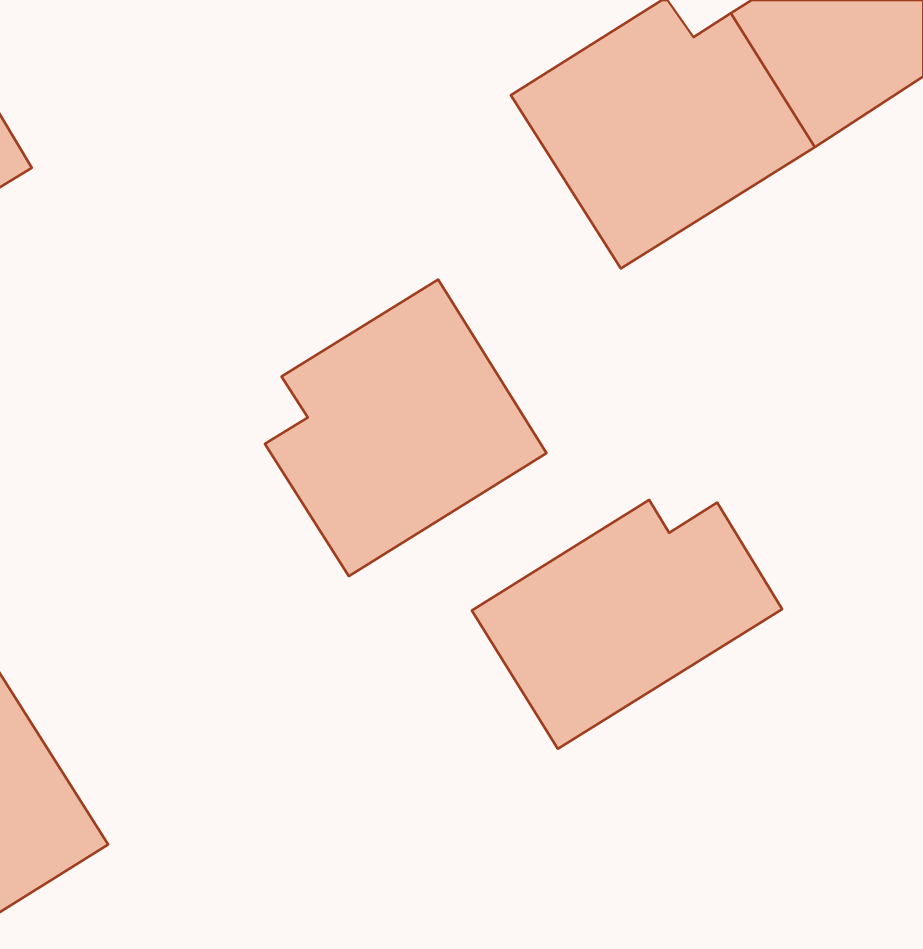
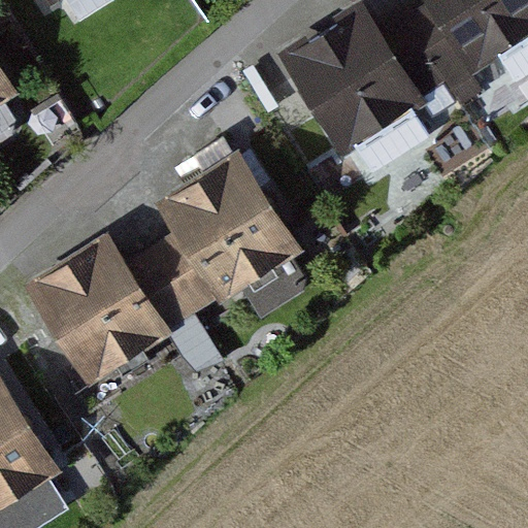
building: none -> [25,238,193,389]
building: [472,500,782,749] -> none

